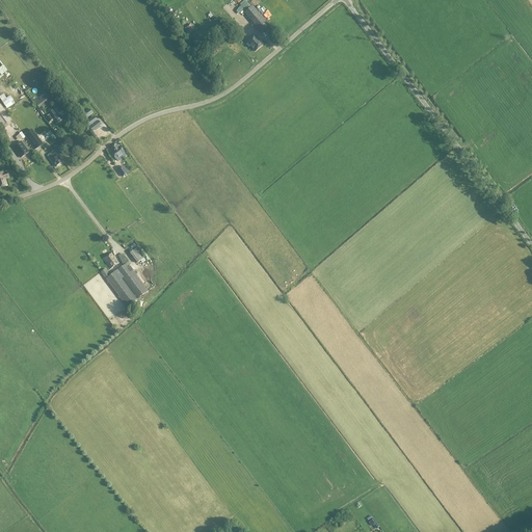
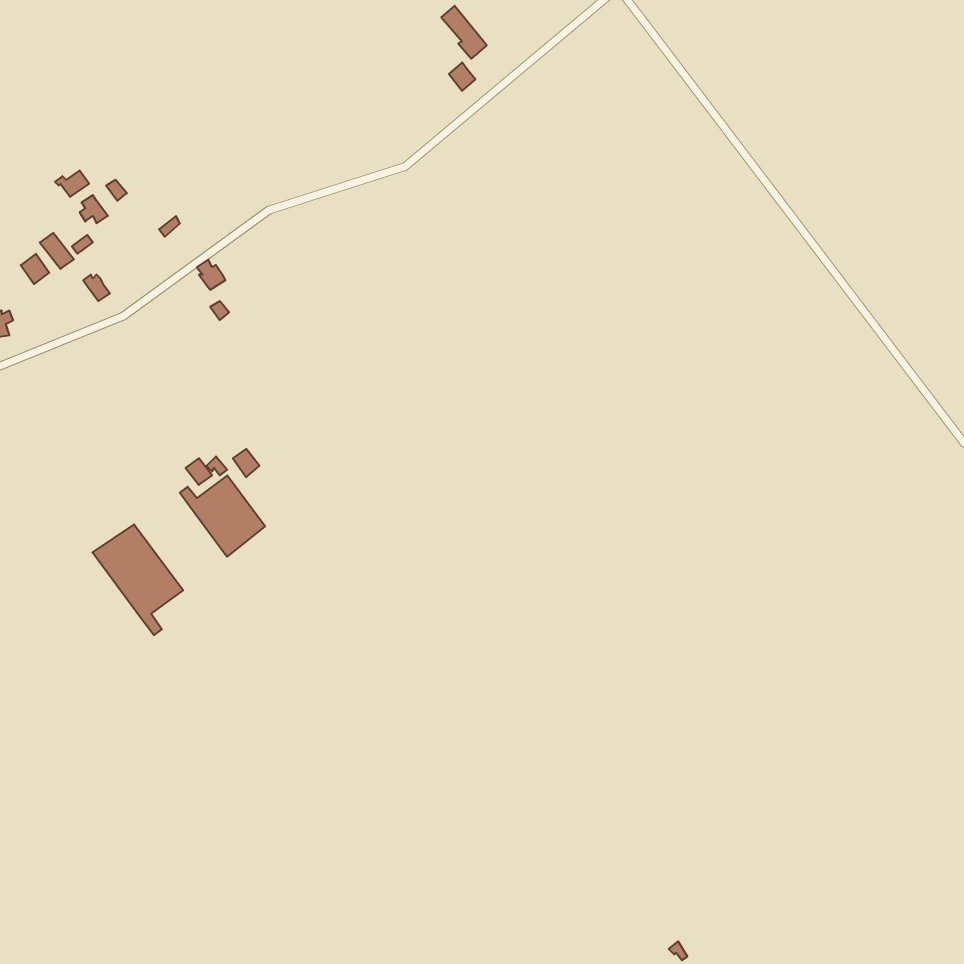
building: none -> [92,524,183,635]

